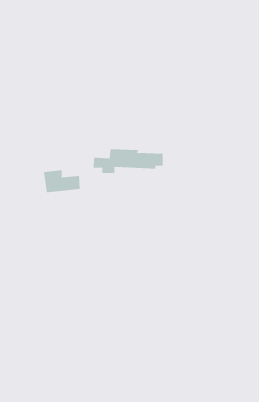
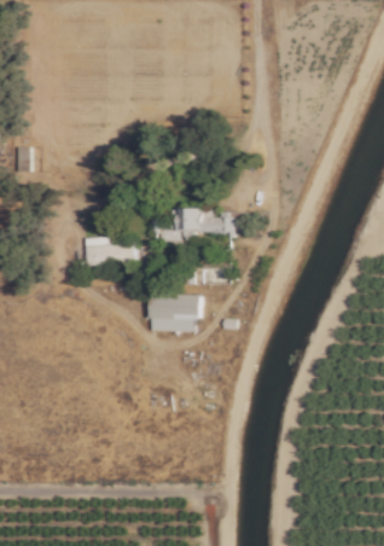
building: none -> [149,294,199,332]

